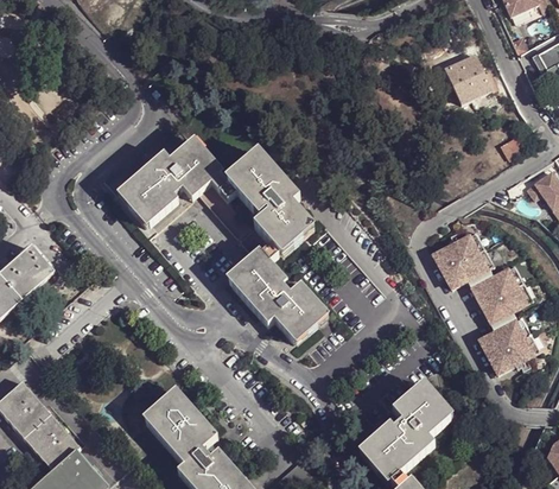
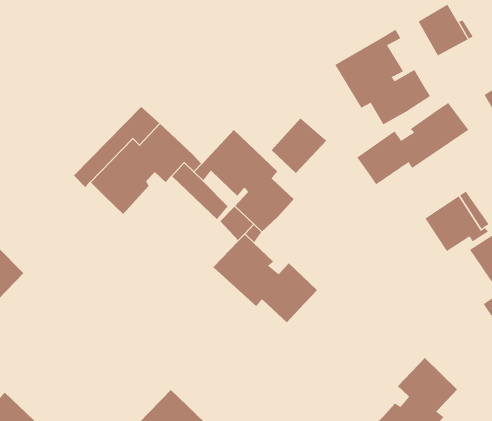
building: none -> [334,29,431,125]
building: none -> [356,102,469,185]
building: none -> [271,118,327,174]

